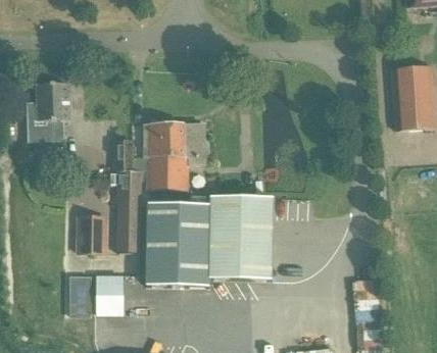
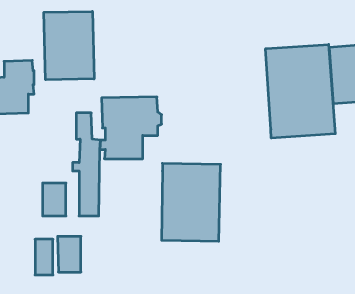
building: none -> [44,11,94,80]
building: none -> [266,44,335,138]
building: [147,202,210,287] -> none

